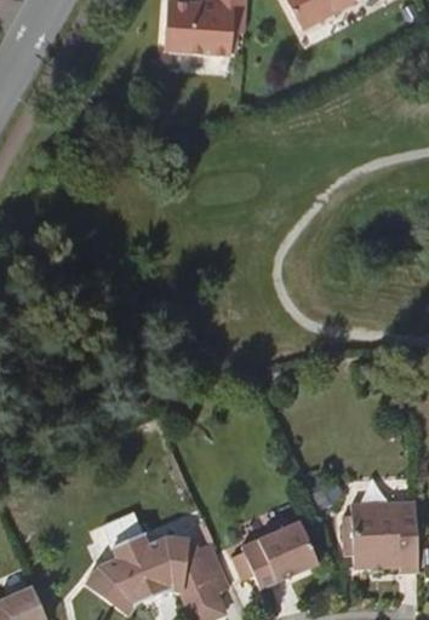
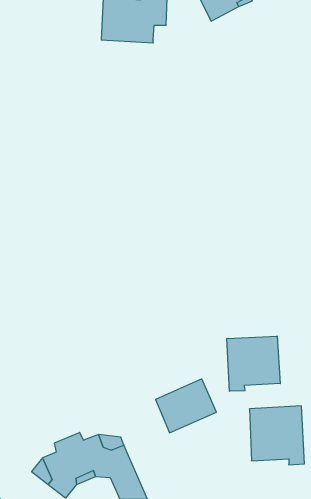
building: none -> [227,336,280,391]
building: [241,523,316,590] -> [156,379,216,433]

